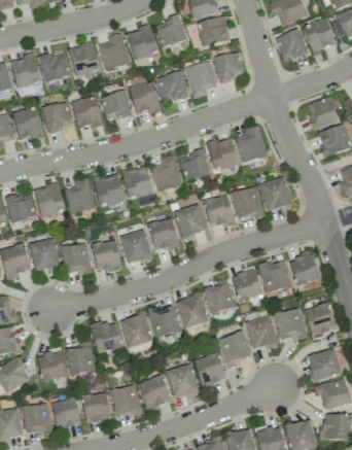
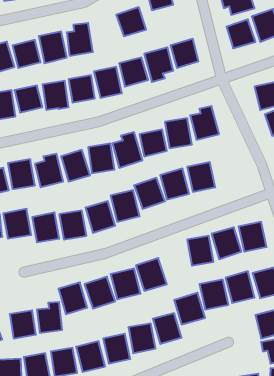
building: [198,15,232,47] -> none
building: [126,25,160,61] -> none
building: [260,177,292,210] -> none
building: [204,277,237,315] -> none

